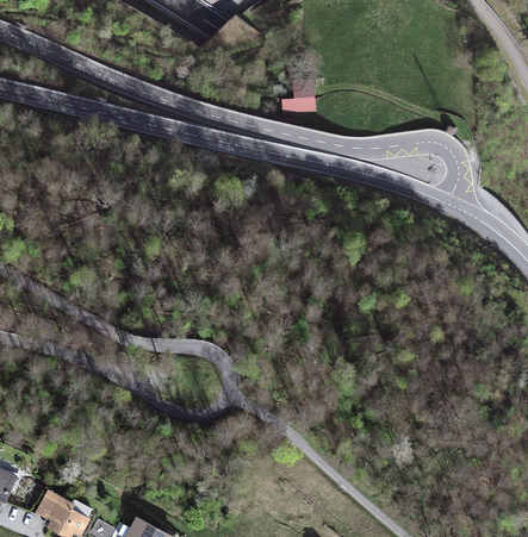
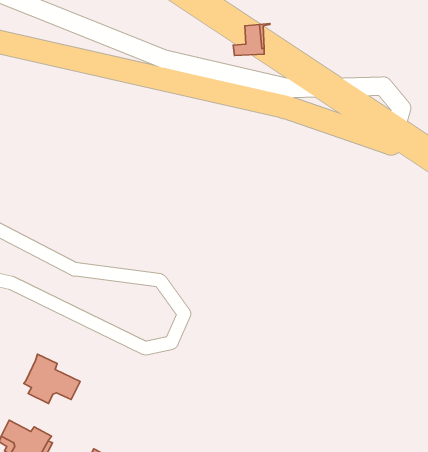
building: none -> [24,354,80,404]

